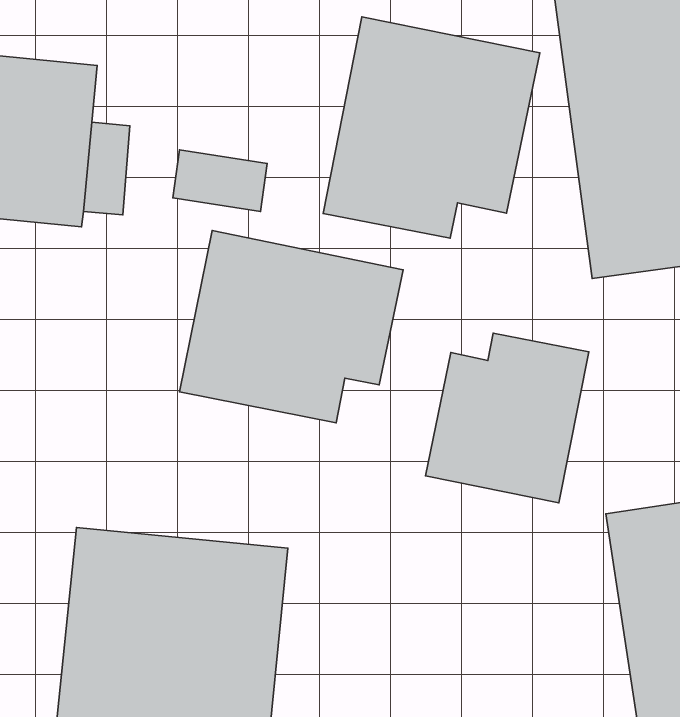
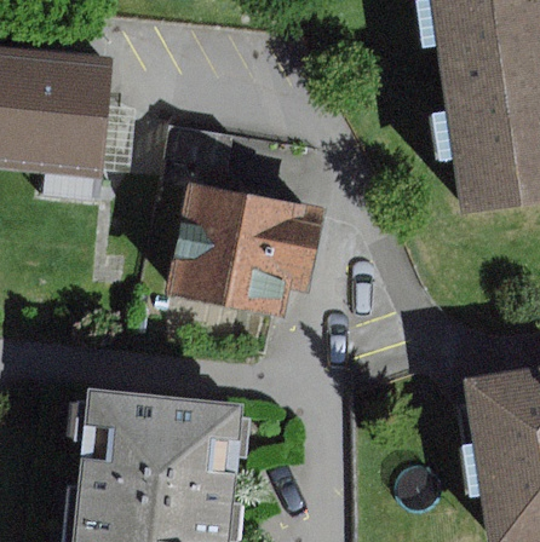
building: [323,17,540,238] -> none
building: [425,333,589,503] -> none

